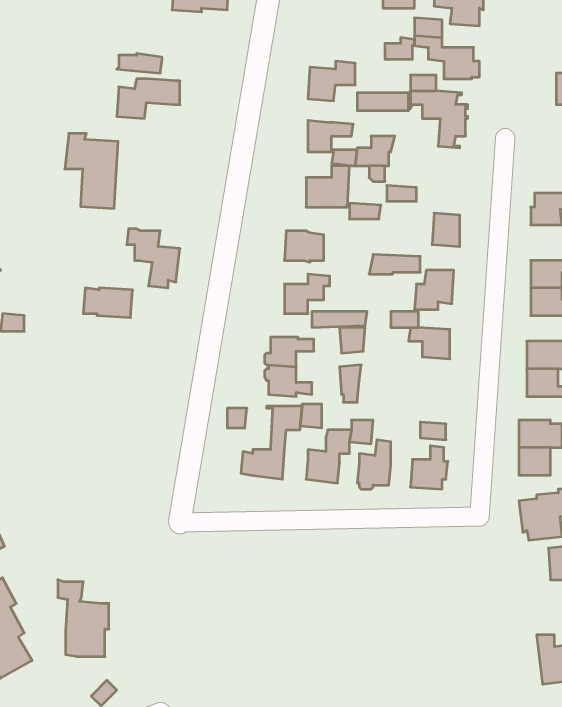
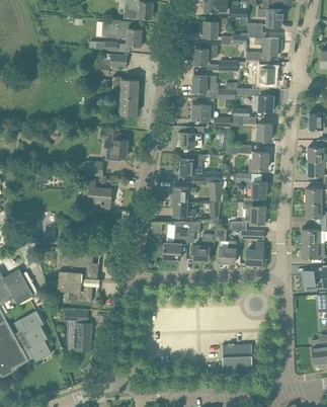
building: none -> [202,17,228,38]
building: none -> [106,21,143,46]
building: [65,133,118,208] -> [111,76,139,114]
building: none -> [237,88,274,111]
building: none -> [83,178,112,210]
building: none -> [231,201,267,230]
building: none -> [46,251,99,303]
building: none -> [222,343,252,371]

